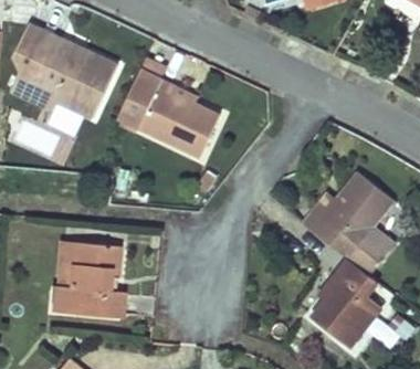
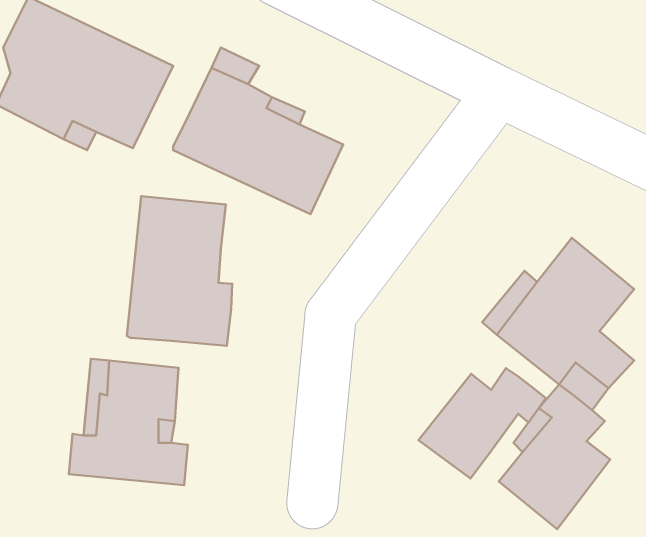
building: none -> [127,196,232,346]
building: none -> [419,368,546,479]

